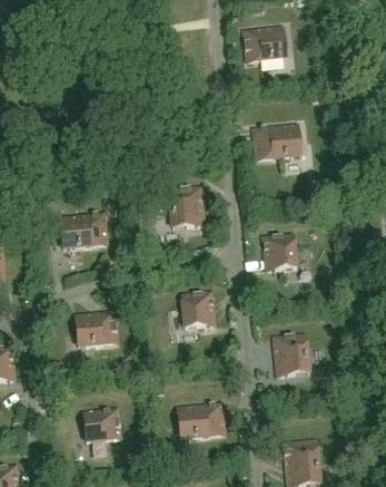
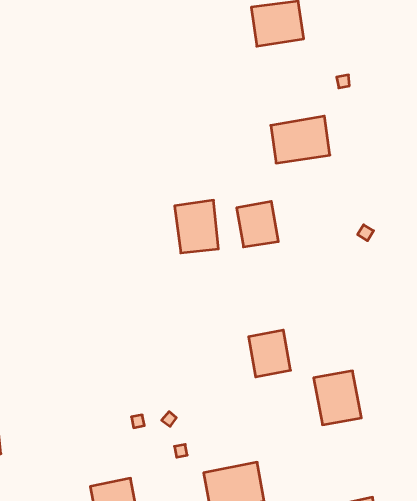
building: [59,213,107,250] -> none
building: [263,234,295,270] -> [237,201,278,247]
building: [181,290,214,327] -> [249,330,291,377]
building: [75,309,118,345] -> none

